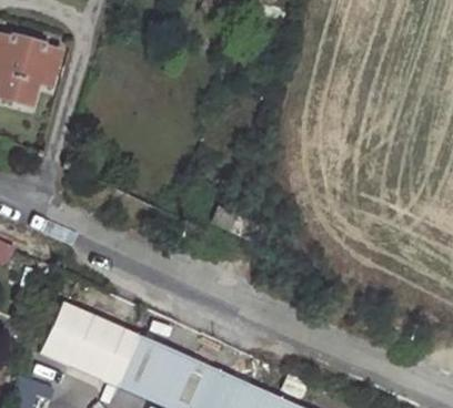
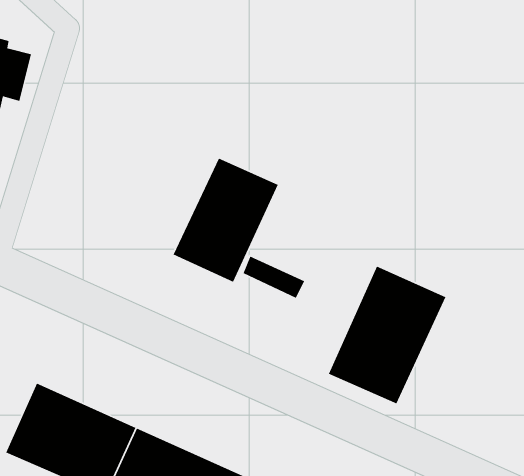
building: none -> [173,157,279,283]
building: none -> [328,265,446,404]

